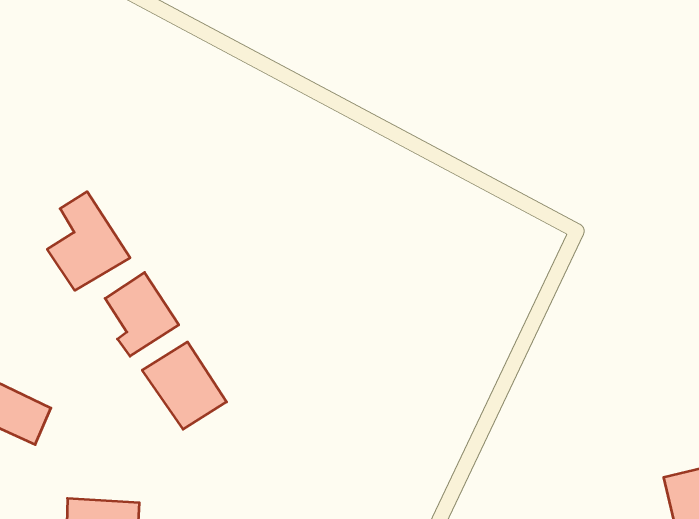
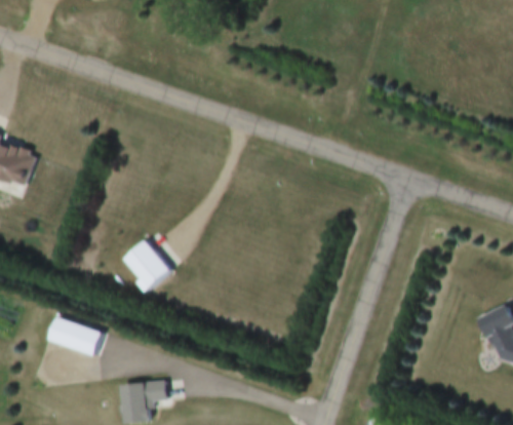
building: [47,192,130,290] -> none
building: [142,342,227,429] -> none

